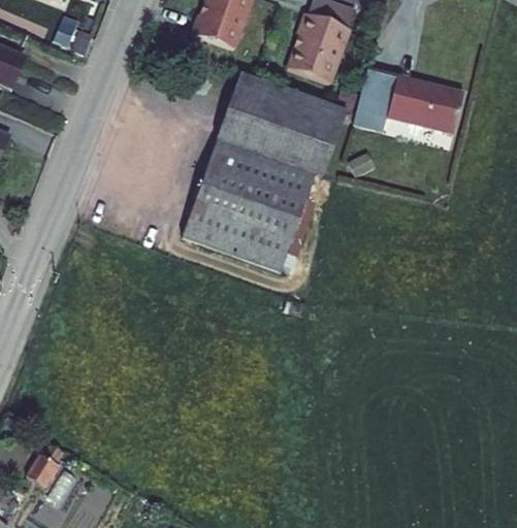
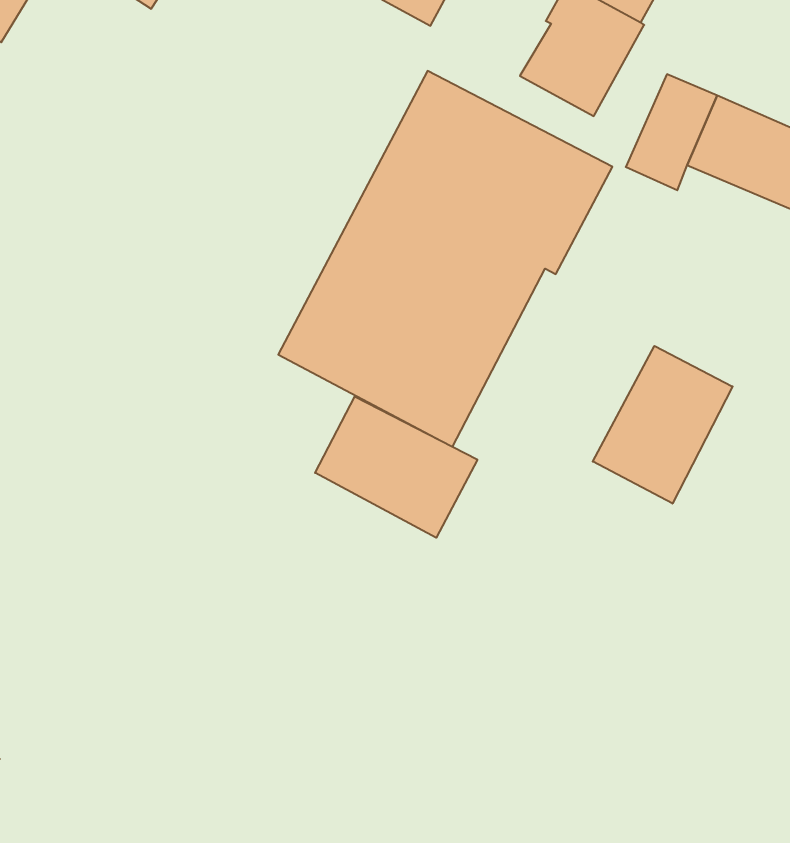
building: none -> [593,346,733,504]
building: none -> [315,396,477,538]

